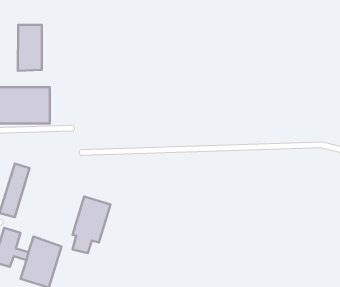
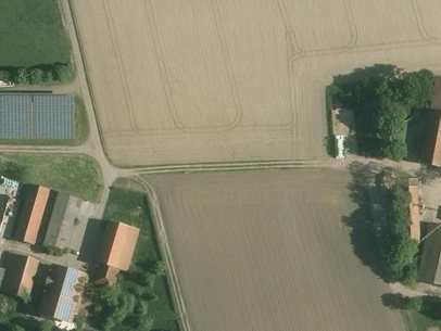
building: [18,25,42,71] -> none
building: none -> [42,191,81,251]

